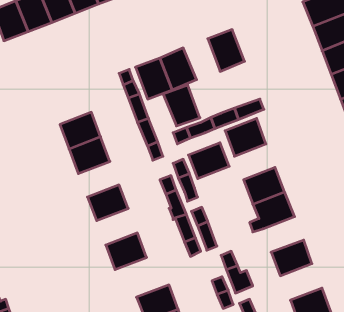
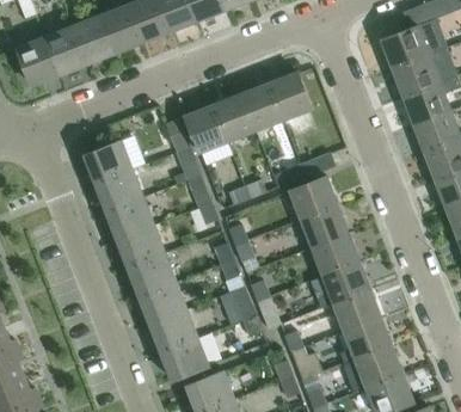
building: [163,85,200,126] -> [241,82,284,130]
building: none -> [85,140,134,183]
building: [188,143,229,179] -> [301,205,349,247]
building: none -> [118,226,166,268]
building: none -> [140,281,188,324]
building: none -> [334,290,382,332]
building: none -> [161,338,209,381]
building: none -> [355,345,404,388]

